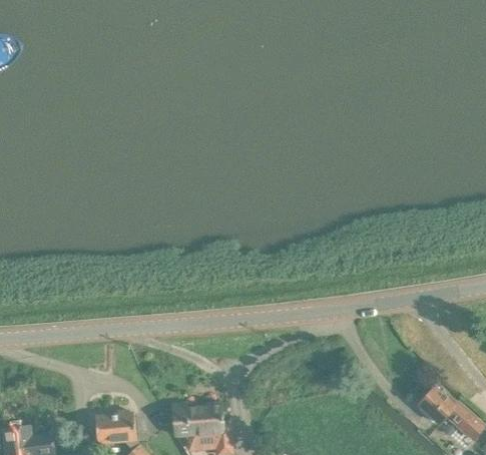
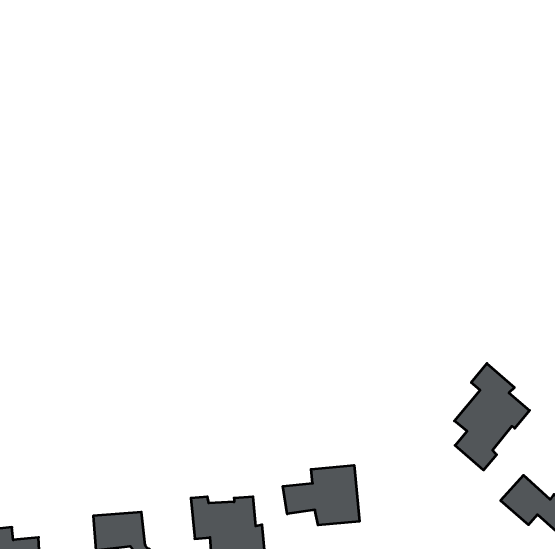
building: none -> [454,363,530,470]
building: none -> [283,465,359,525]

